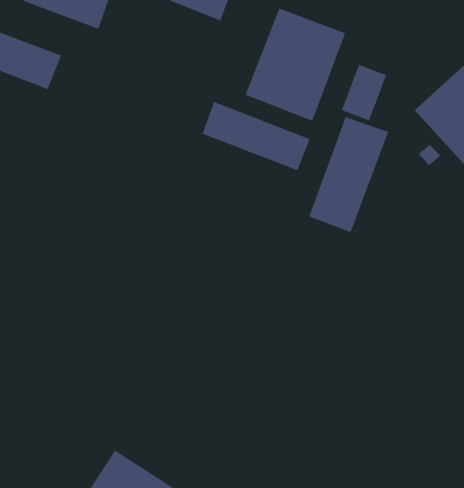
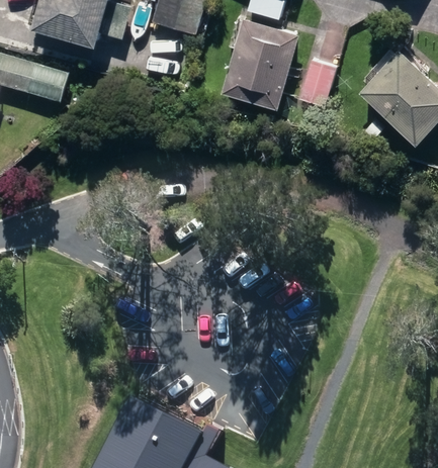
building: [202,101,311,171] -> none
building: [308,116,389,233] -> none

